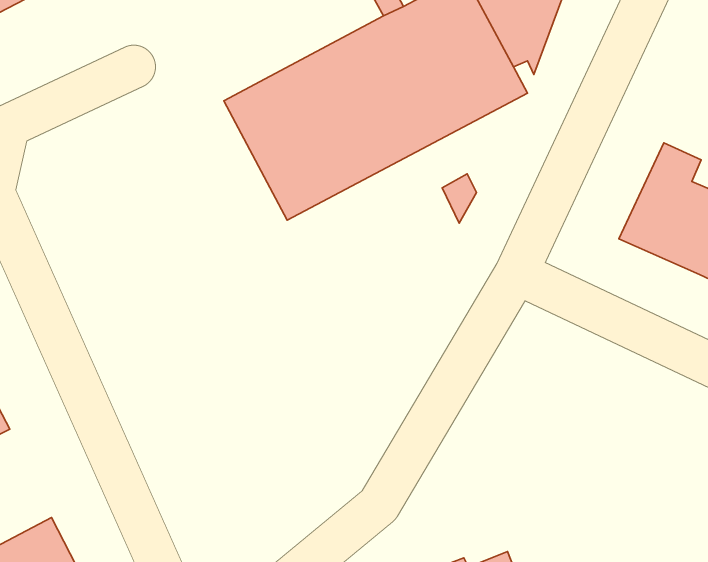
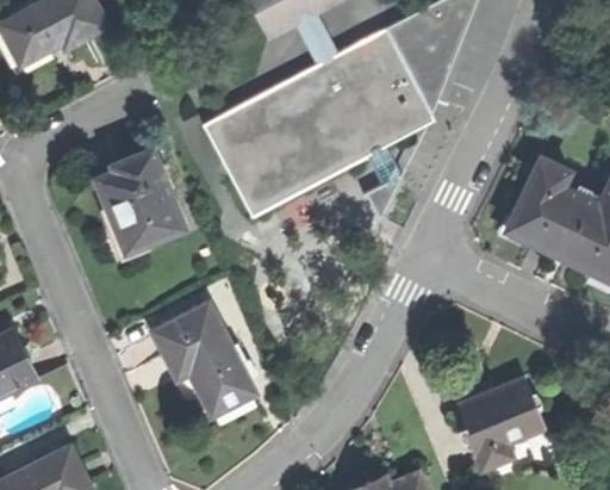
building: none -> [94,150,182,253]
building: none -> [152,303,255,415]
building: none -> [455,379,542,471]

